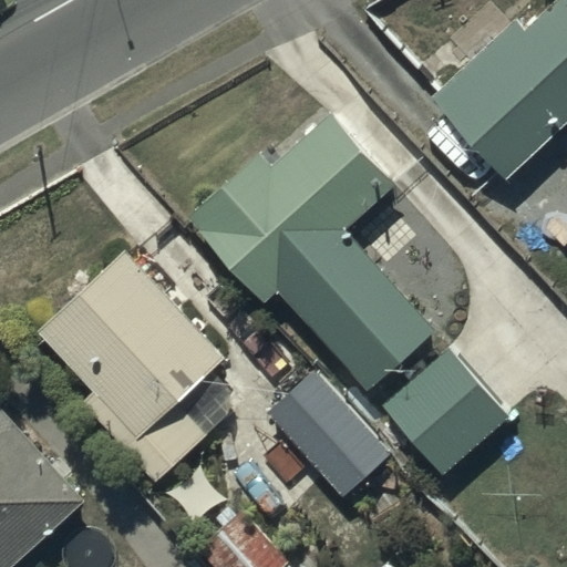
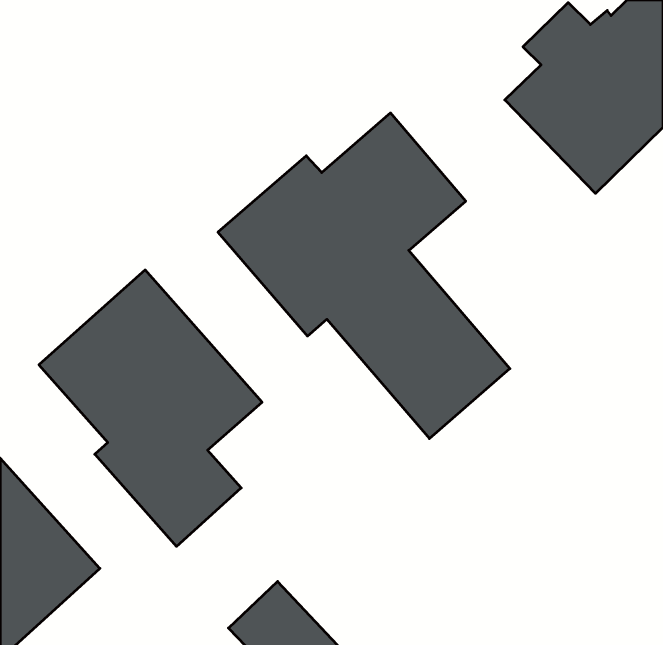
building: [382,348,512,478] -> none
building: [267,374,404,504] -> none

